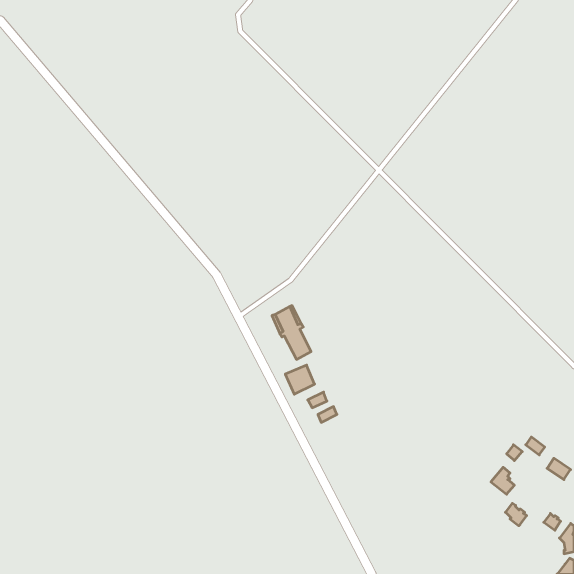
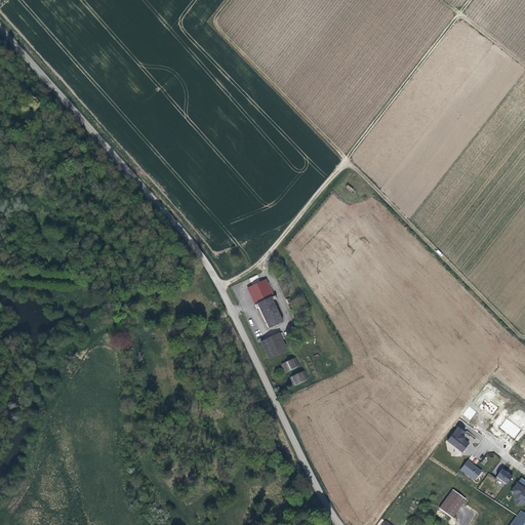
building: none -> [439,490,466,519]

